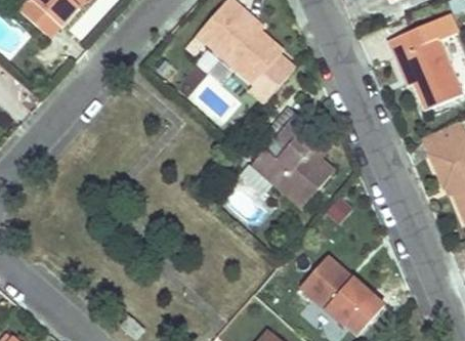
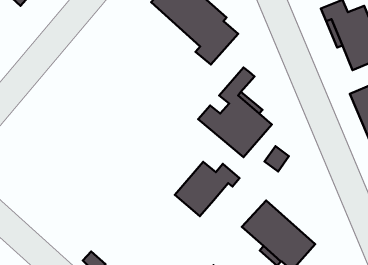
building: none -> [175,162,240,216]

